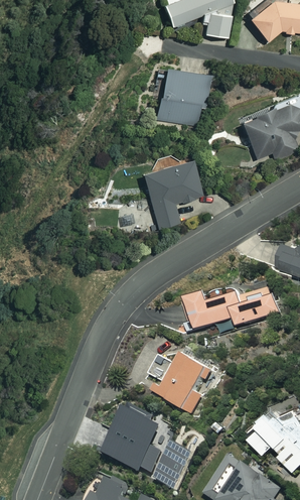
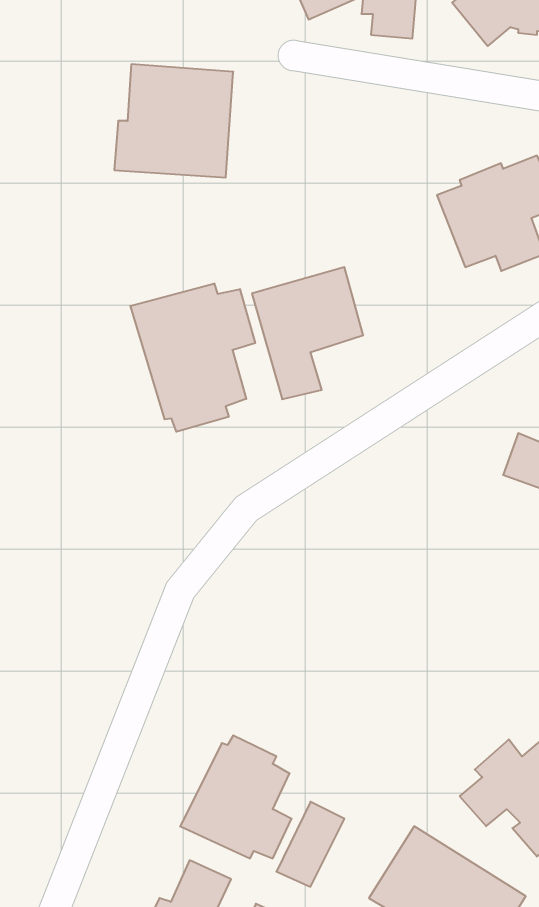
building: [153,64,216,124] -> [114,64,233,178]
building: none -> [130,283,255,432]
building: [186,285,280,333] -> none
building: [148,351,209,412] -> none

